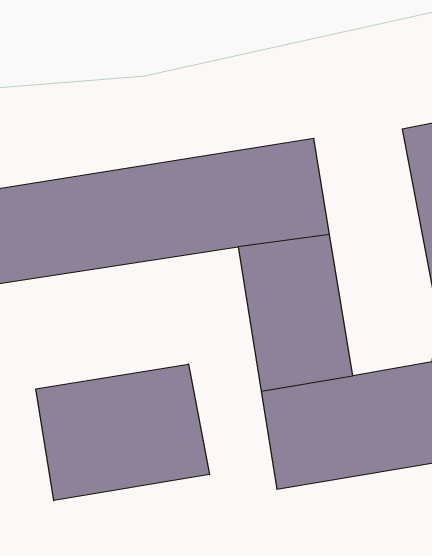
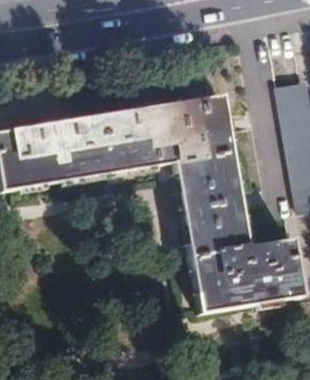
building: [36,364,209,501] -> none

